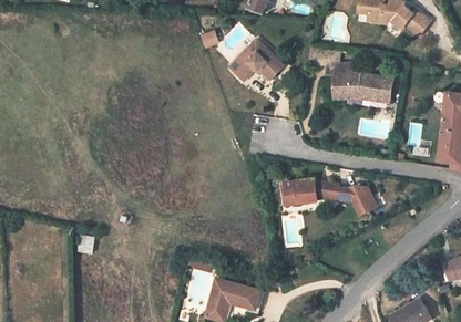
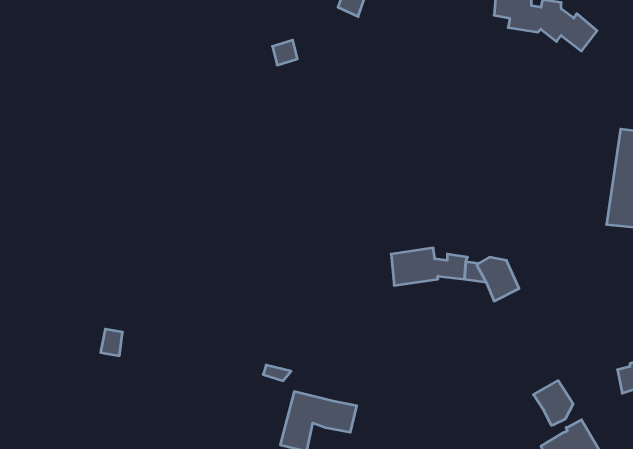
building: [227,40,281,82] -> none
building: [305,45,390,101] -> none
building: none -> [533,381,573,425]

